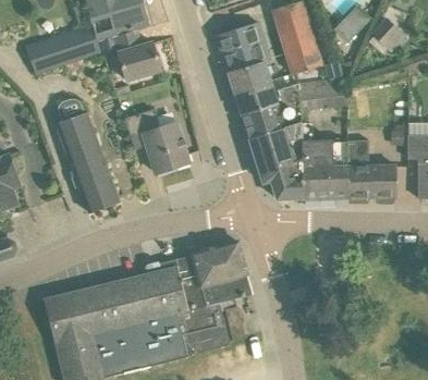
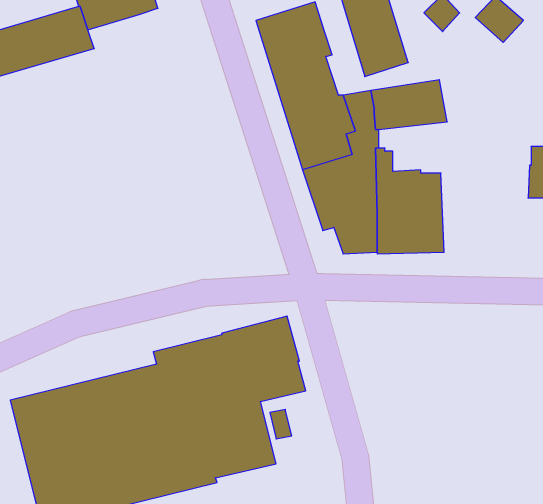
building: [99,30,163,81] -> none
building: [124,109,189,172] -> none
building: [57,111,120,212] -> none
building: [346,140,396,197] -> none

